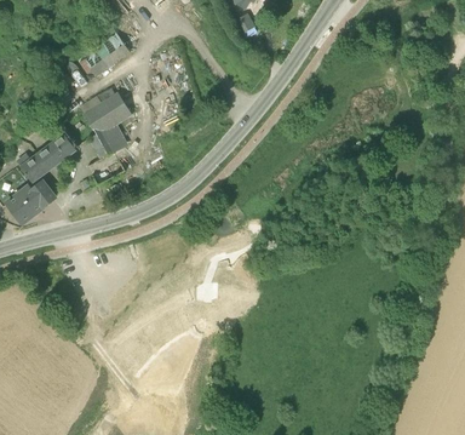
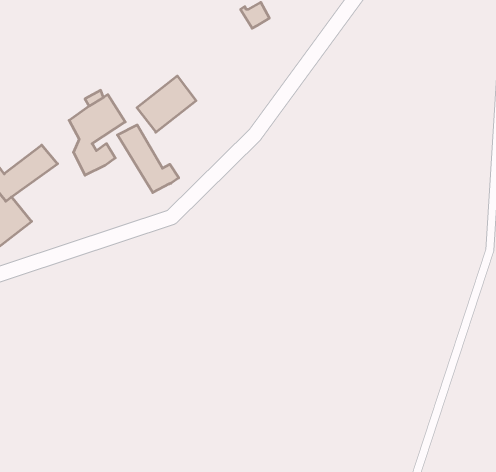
building: [84,29,133,76] -> [137,76,196,132]
building: none -> [117,125,179,193]

